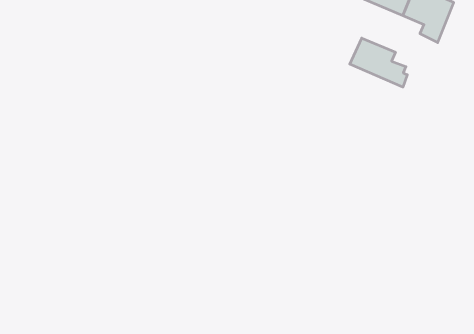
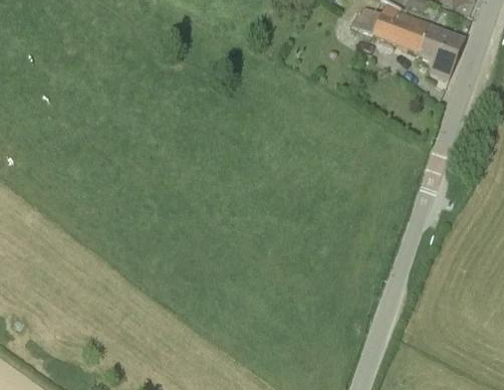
building: [350,38,407,87] -> none

